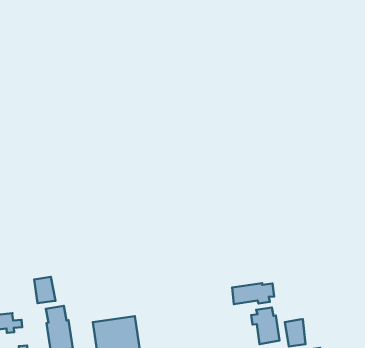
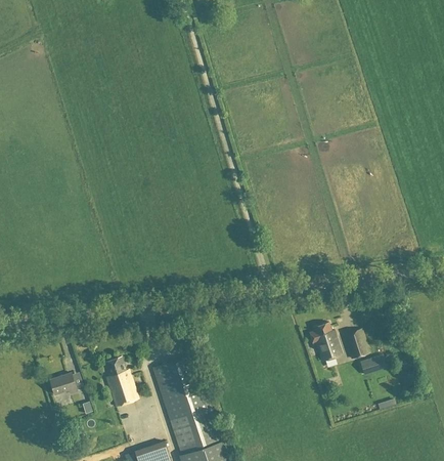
building: [34,277,55,303] -> none
building: [232,283,274,304] -> none

